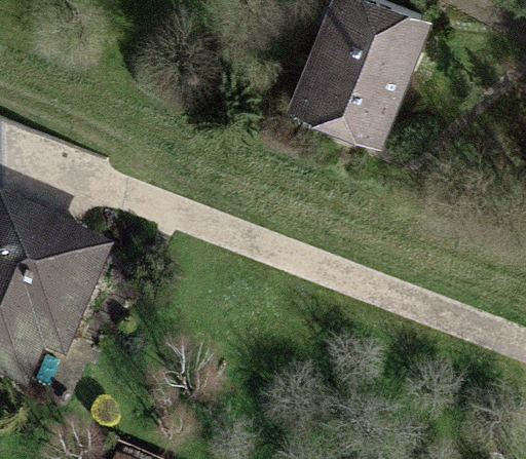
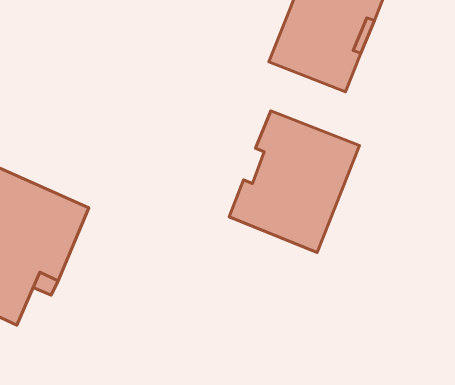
building: none -> [229,111,359,252]

